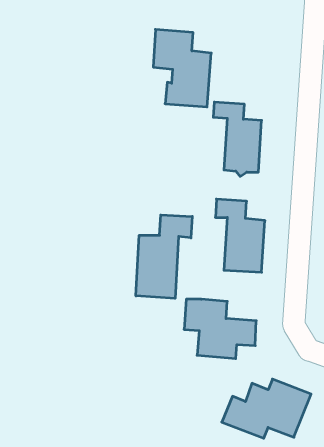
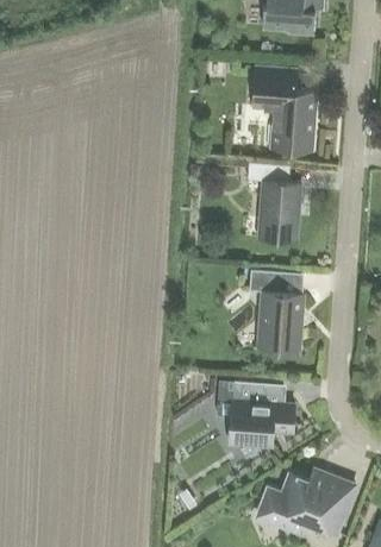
building: [153,29,211,107] -> [252,65,317,151]
building: [136,215,192,298] -> none

